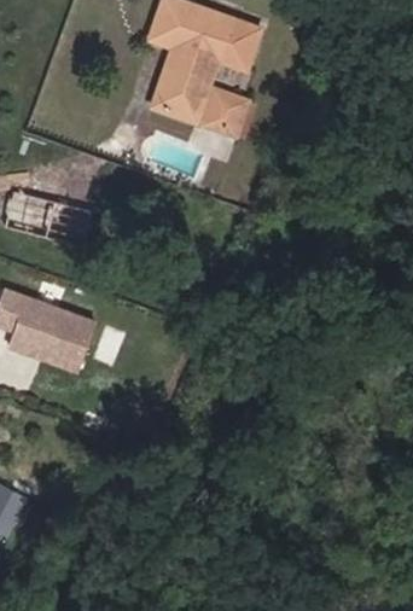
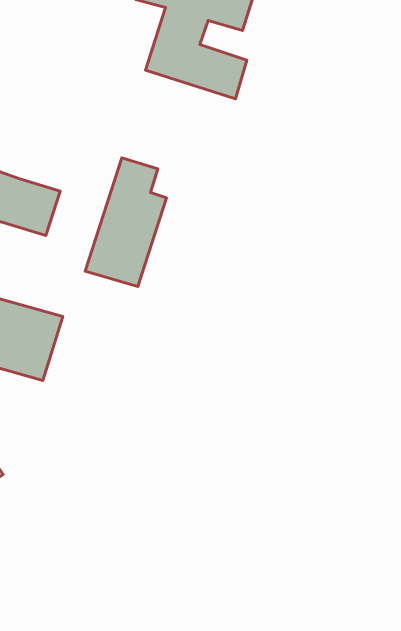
building: none -> [85,158,167,286]

